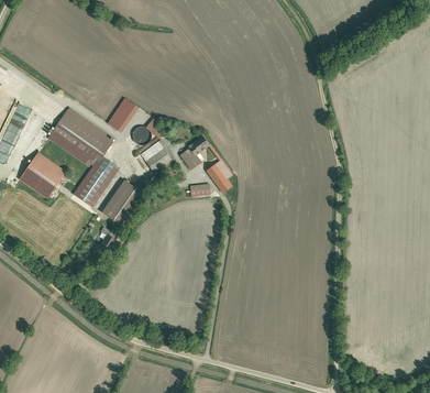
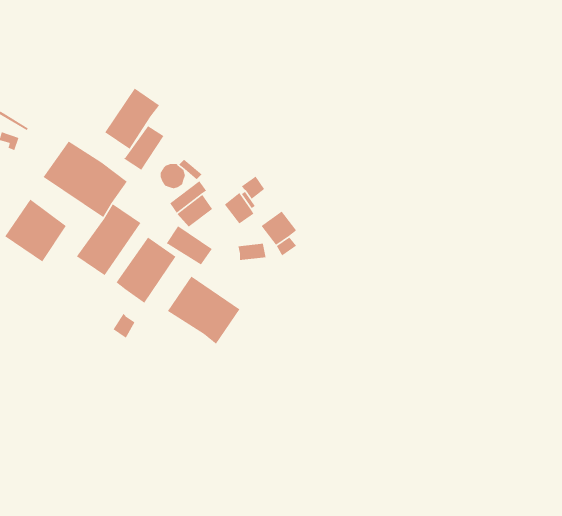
building: none -> [104,88,160,150]
building: none -> [165,225,213,265]
building: none -> [167,276,241,345]

